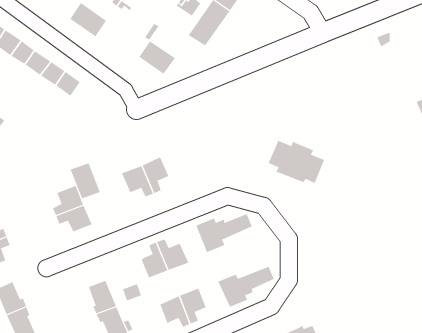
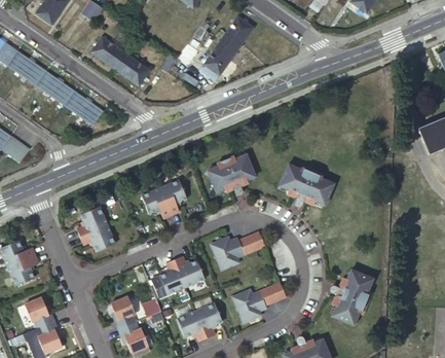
building: [139,41,176,74] -> [117,52,152,84]
building: none -> [207,154,255,193]
building: [70,162,101,199] -> none
building: none -> [331,270,370,323]

